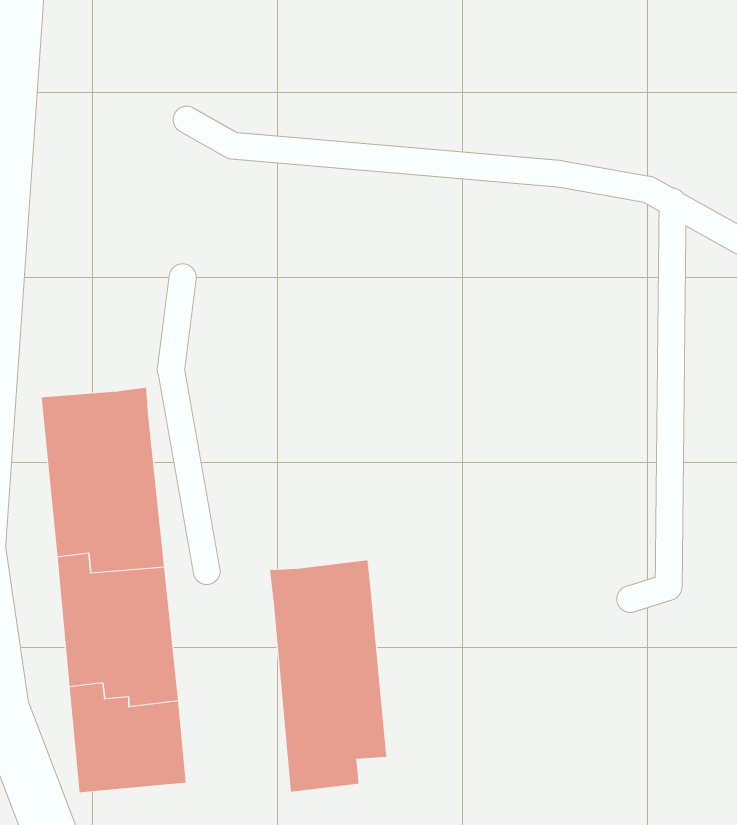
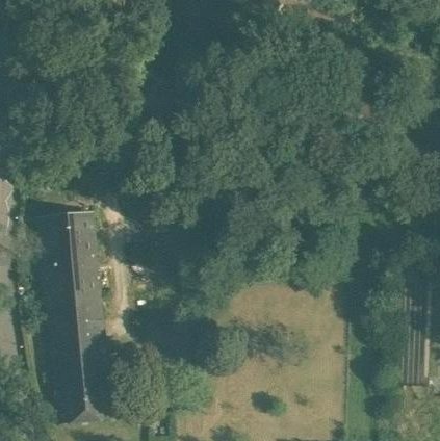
building: [269,560,387,792] -> none

